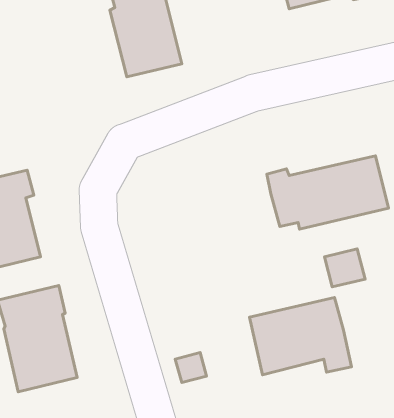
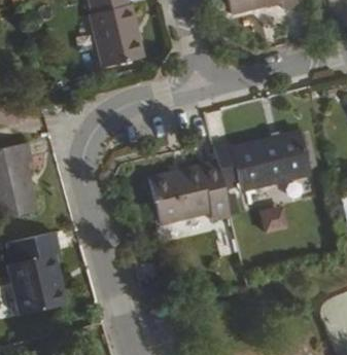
building: [249,297,351,375] -> [149,162,230,222]

